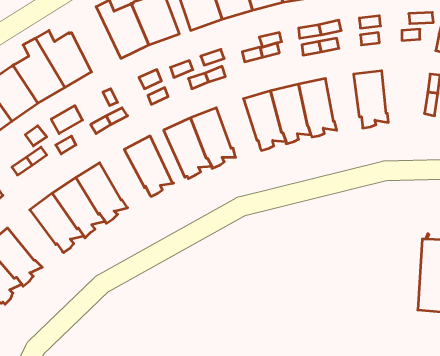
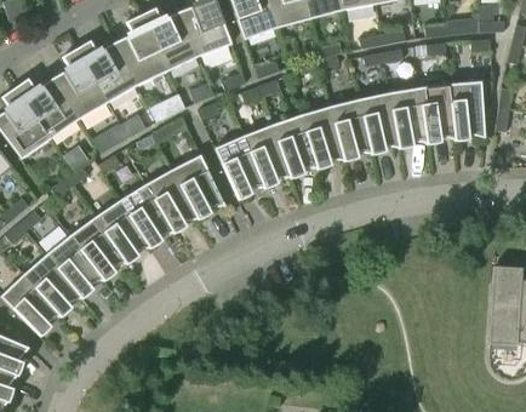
building: none -> [115,15,168,85]
building: none -> [450,81,485,142]
building: none -> [389,87,429,150]
building: none -> [271,114,319,179]
building: none -> [145,168,200,234]
building: none -> [46,234,105,298]

